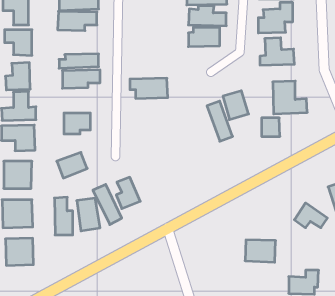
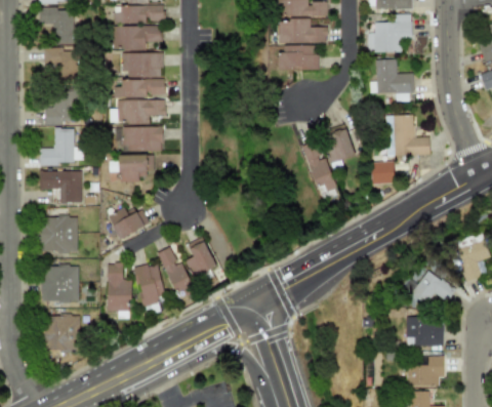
building: none -> [123,52,163,77]
building: [130,78,168,98] -> [116,126,164,152]
building: [245,240,276,262] -> [406,318,445,347]

